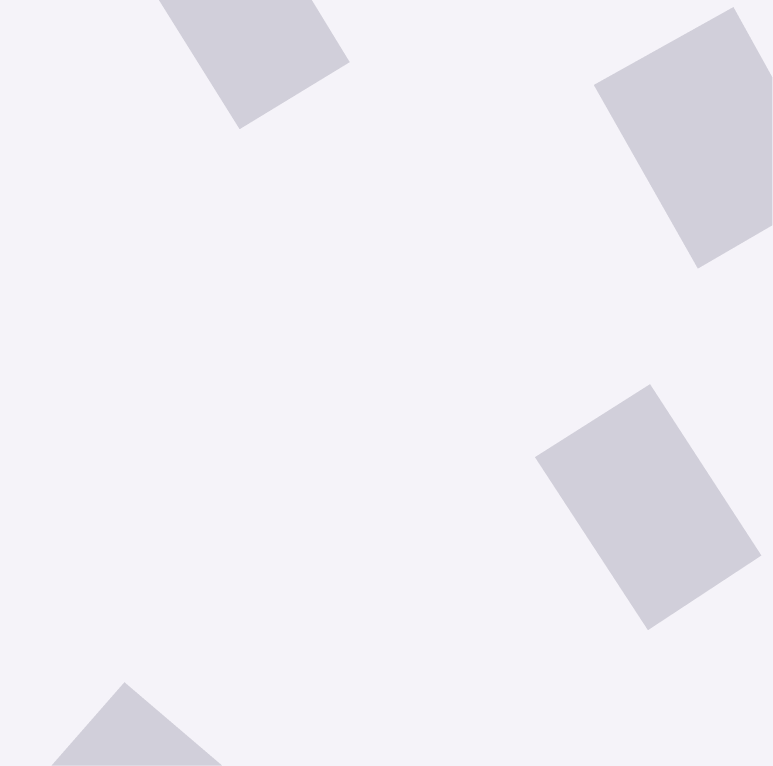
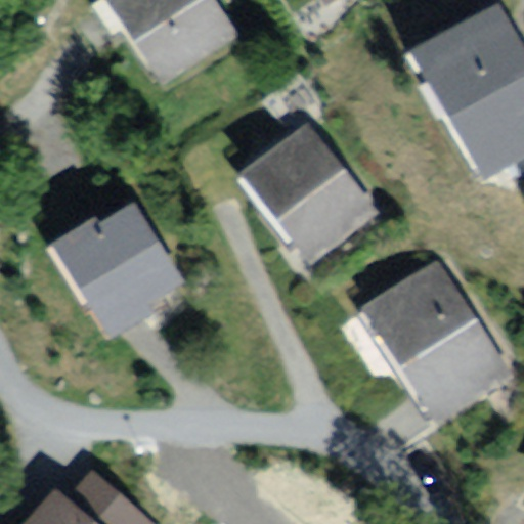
building: none -> [242,124,381,266]
building: none -> [43,193,183,335]

